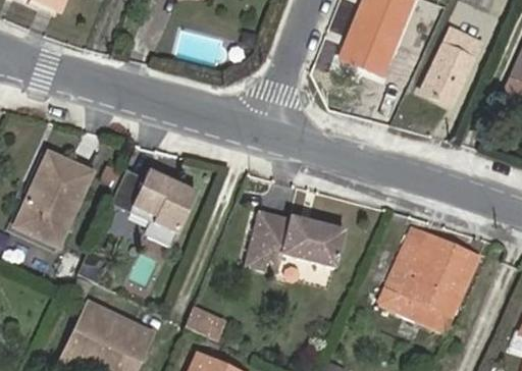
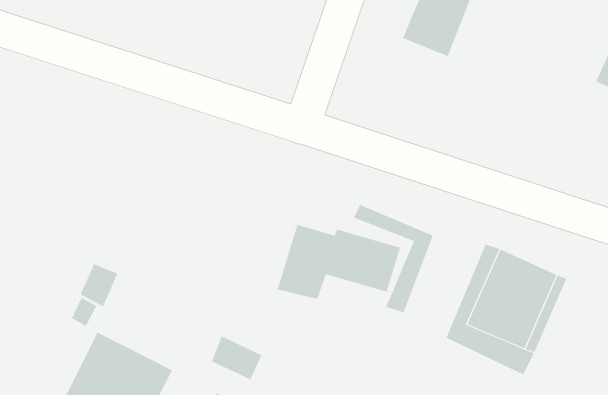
building: [421,43,475,106] -> none
building: [17,150,94,240] -> none
building: [109,169,195,247] -> none
building: none -> [353,204,433,313]

